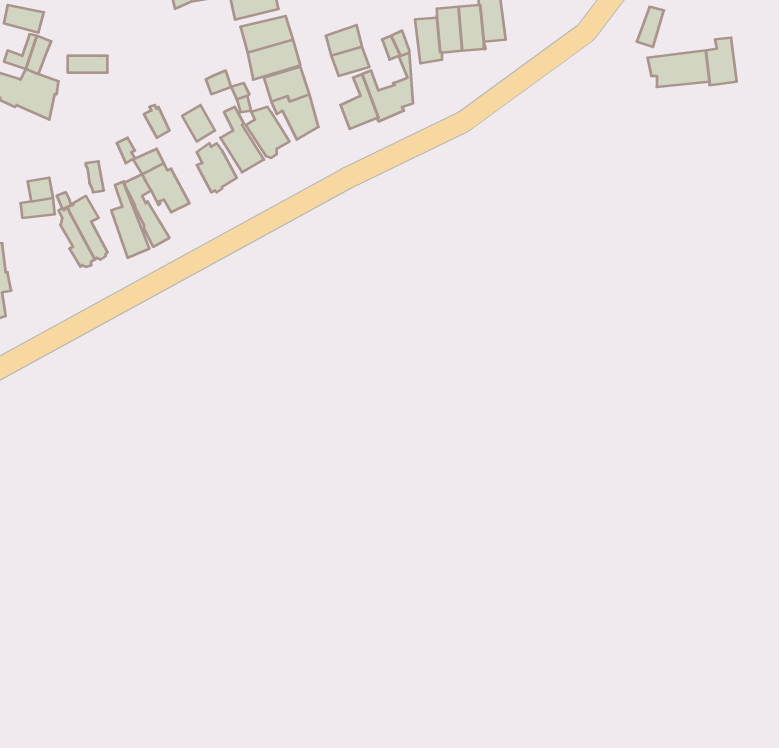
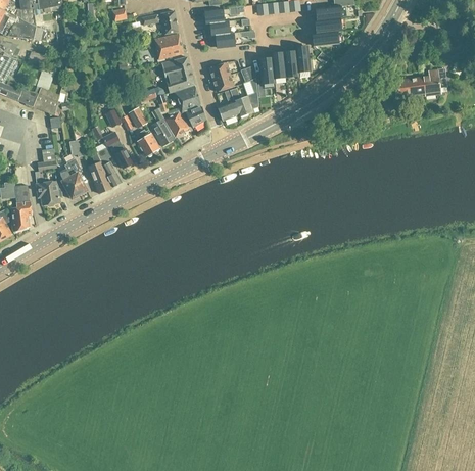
building: none -> [36,181,62,204]

